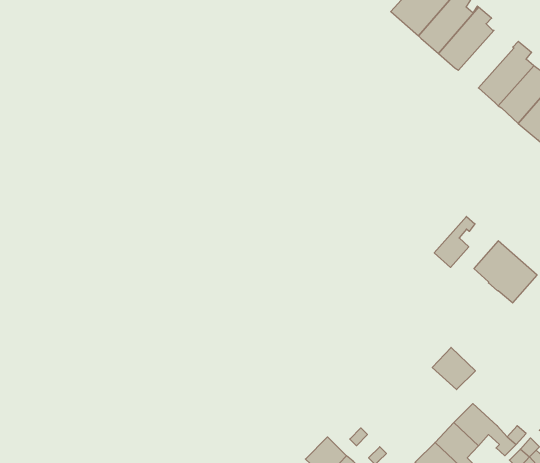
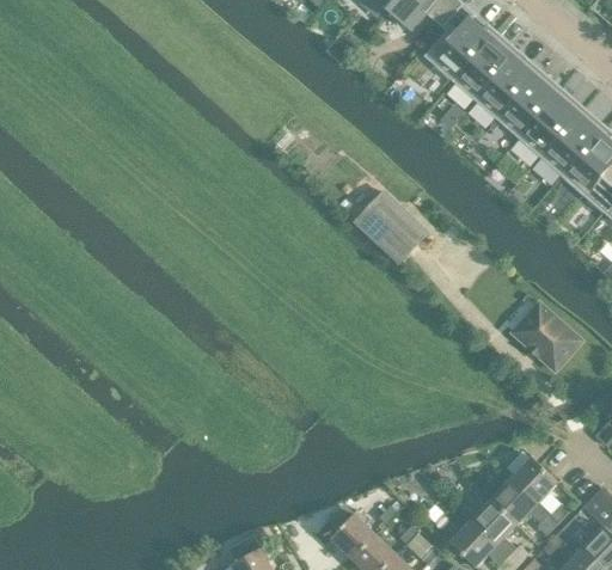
building: none -> [496,68,556,137]
building: none -> [353,189,429,264]
building: [434,216,475,267] -> none
building: [432,347,475,390] -> [512,456,558,502]

